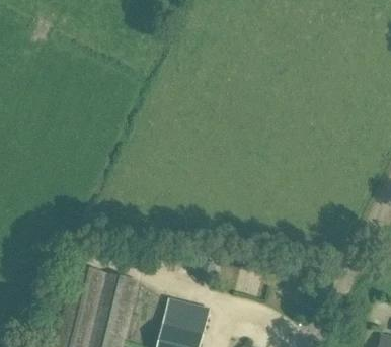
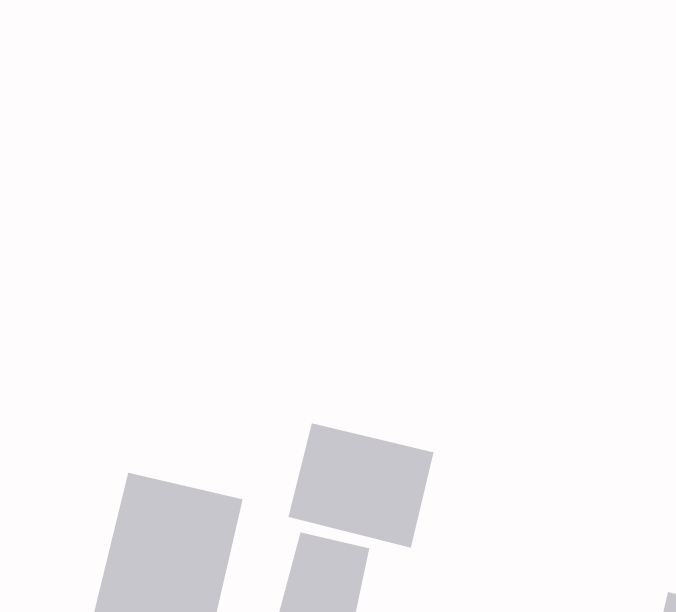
building: none -> [288,423,434,549]

